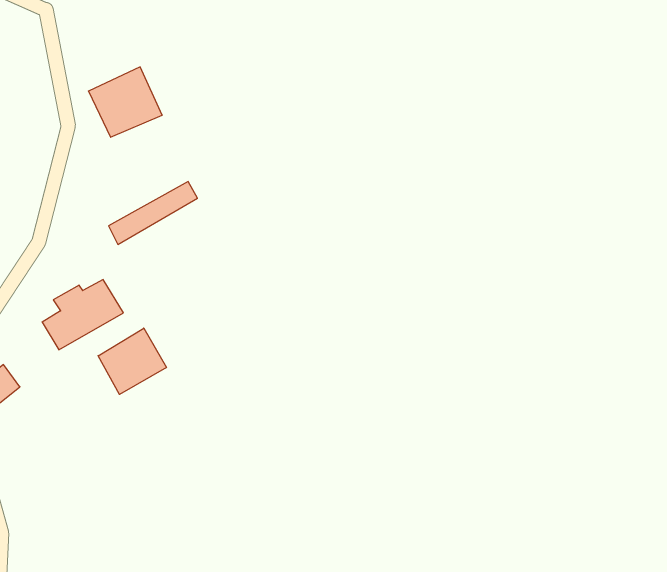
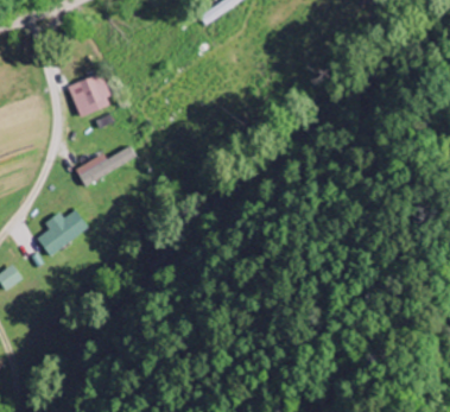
building: [98,328,166,394] -> none

